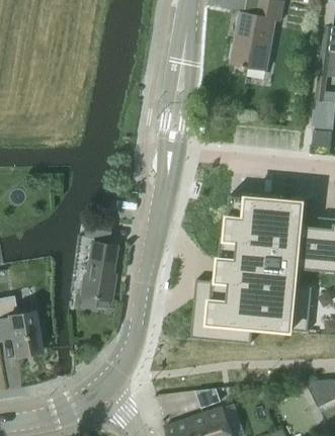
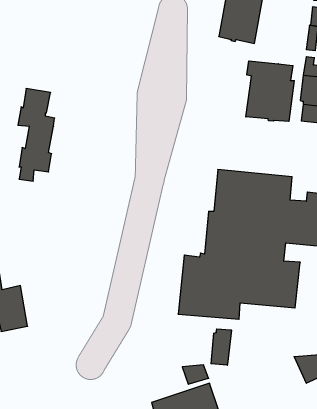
building: none -> [246,61,294,121]
building: [79,217,115,310] -> [18,89,55,181]
building: none -> [211,329,231,365]

